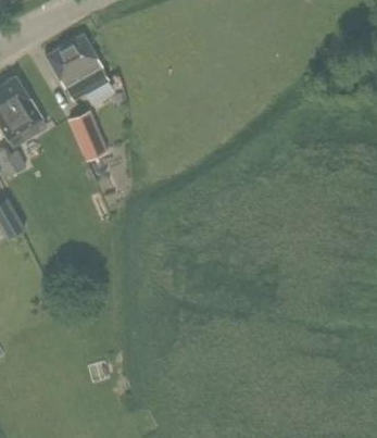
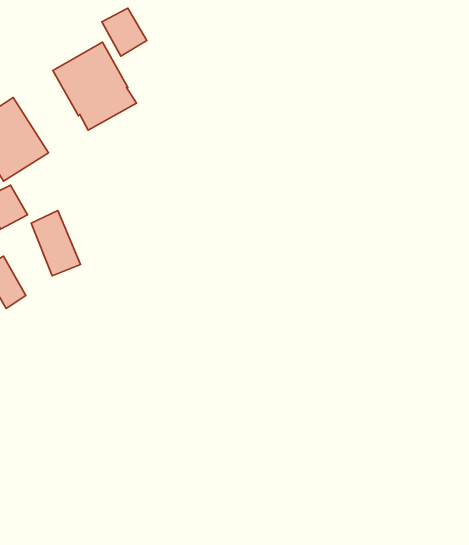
building: none -> [102,8,147,56]
building: [71,111,109,161] -> [31,211,81,276]

